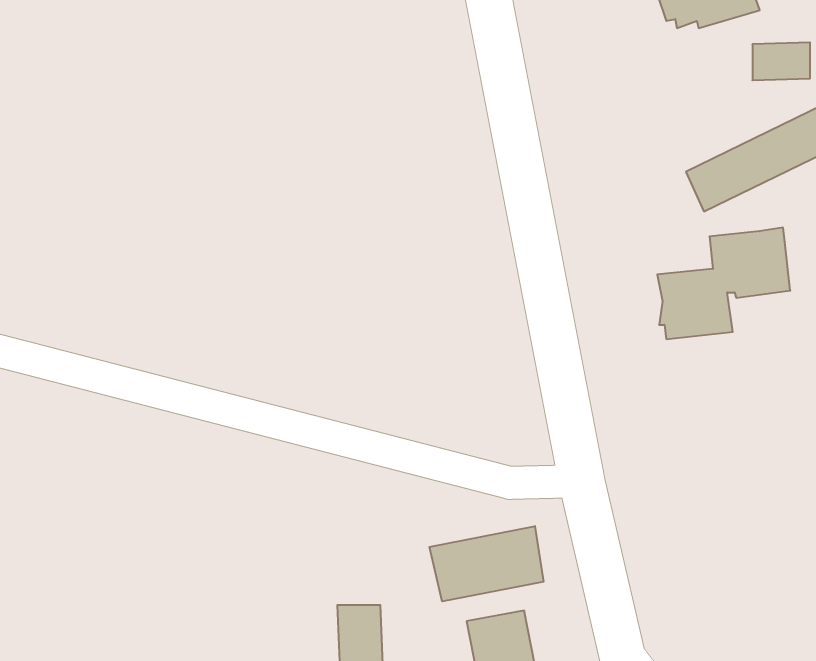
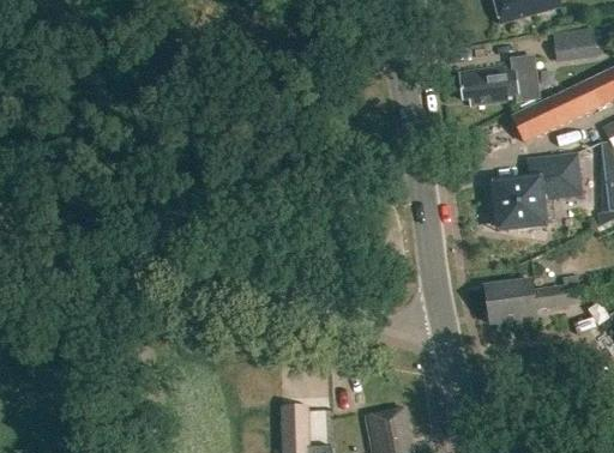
building: none -> [458,59,537,105]
building: none -> [484,276,582,324]
building: [429,526,544,601] -> none

